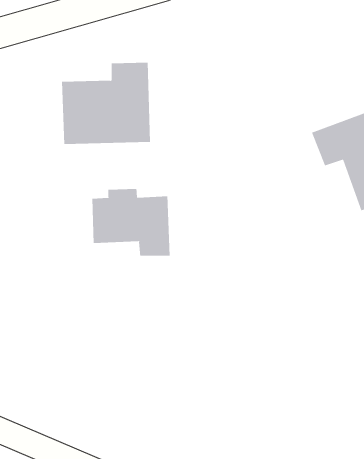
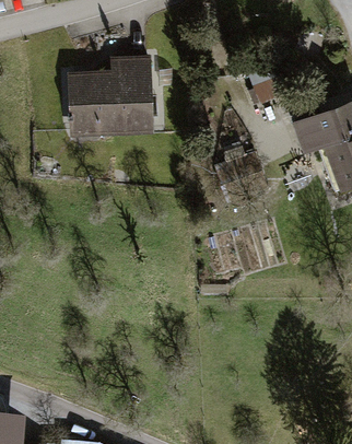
building: [92,188,170,257] -> none

